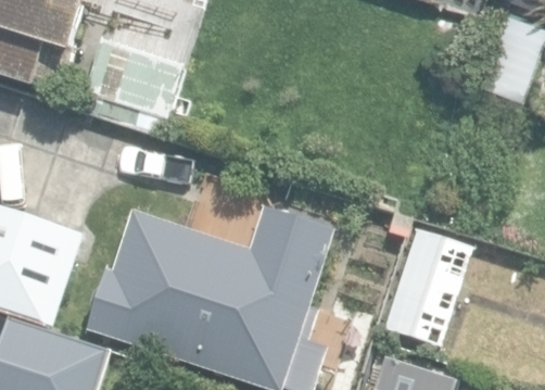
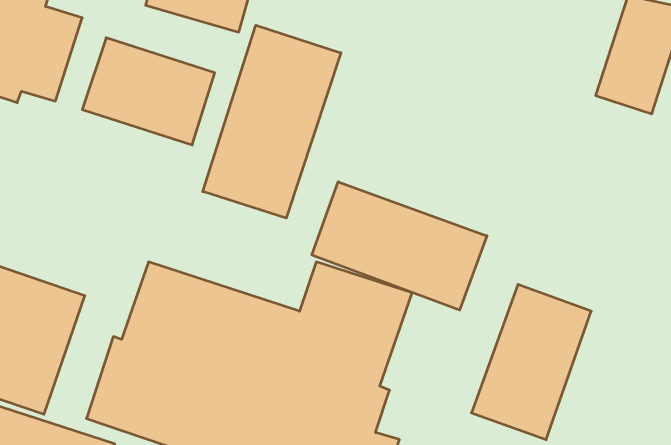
building: none -> [203,25,341,218]
building: none -> [312,182,487,310]

